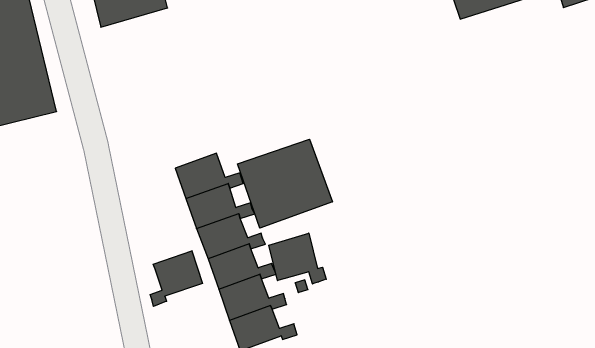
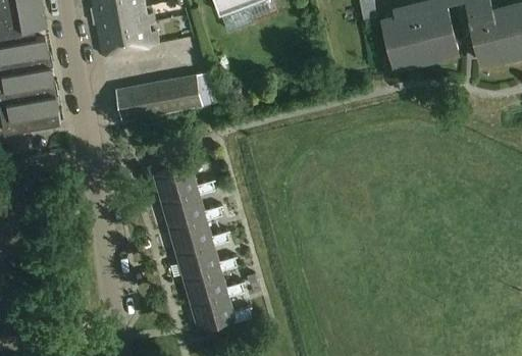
building: none -> [115,73,215,121]
building: [237,139,332,228] -> none
building: [269,233,326,284] -> none
building: [150,251,202,306] -> none

